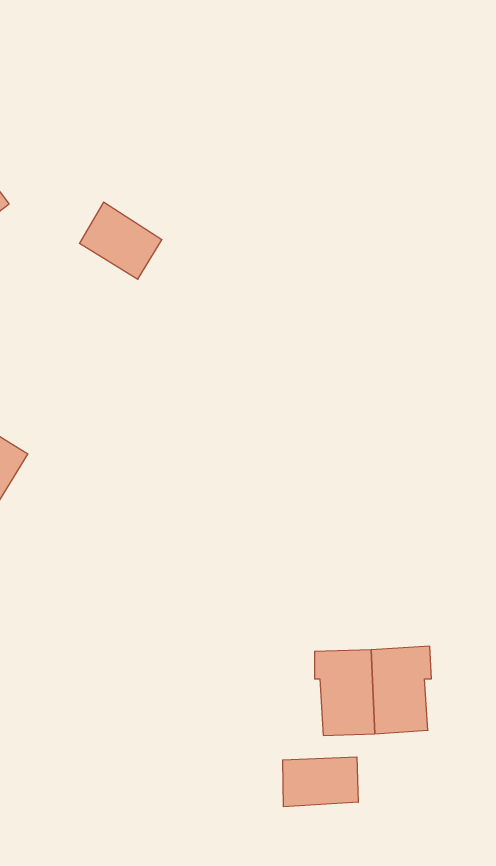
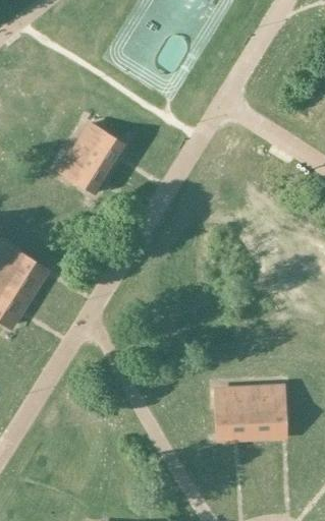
building: none -> [60,148,110,193]
building: [283,757,358,807] -> none

